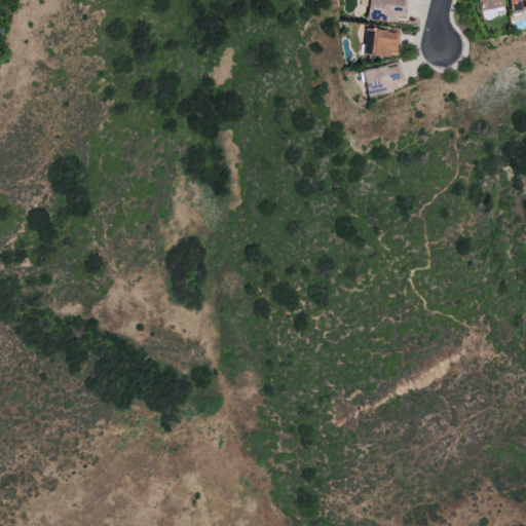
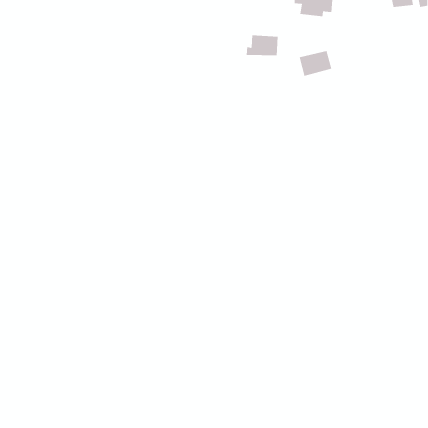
building: [360,28,400,53] -> [246,35,278,56]

